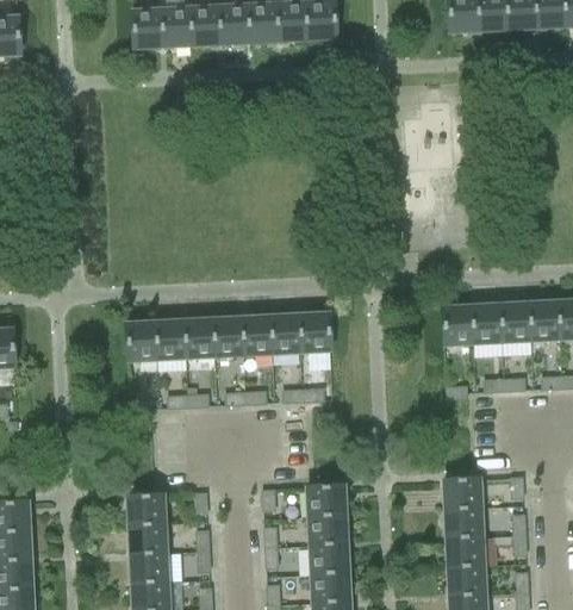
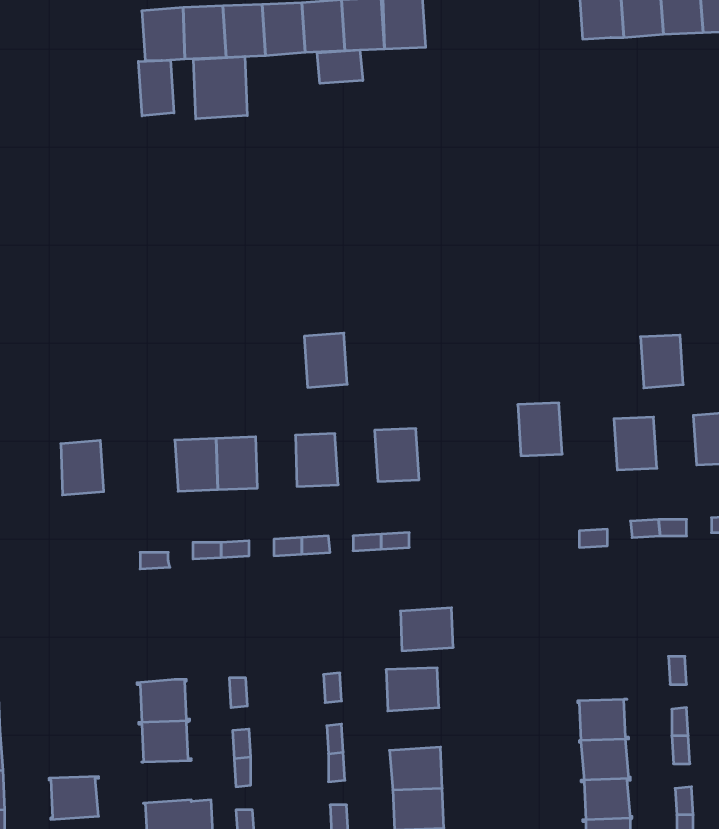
building: none -> [317,50,363,83]
building: none -> [193,56,247,119]
building: none -> [138,60,174,116]
building: [500,304,531,342] -> [640,335,683,388]
building: [442,306,474,344] -> [518,403,562,456]
building: [270,315,301,354] -> [304,333,347,387]
building: [213,318,243,356] -> none
building: [126,322,157,361] -> [61,440,104,495]
building: [444,479,481,510] -> none
building: [309,515,347,546] -> [400,608,453,651]
building: [131,553,167,584] -> [49,777,99,819]

